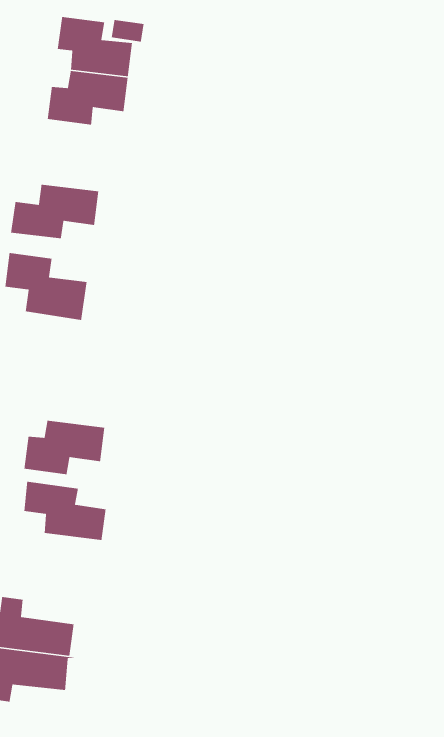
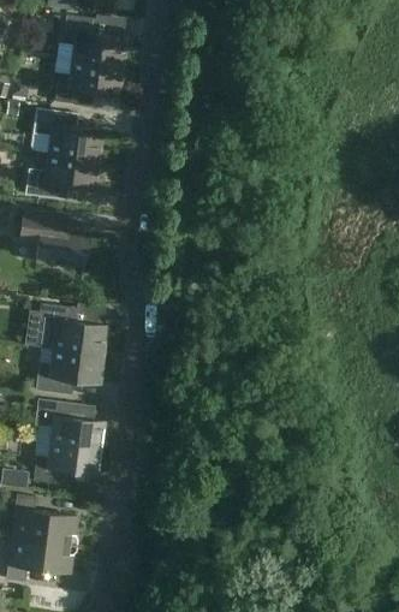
building: none -> [32,108,101,160]
building: none -> [25,303,106,355]
building: none -> [34,442,100,486]

